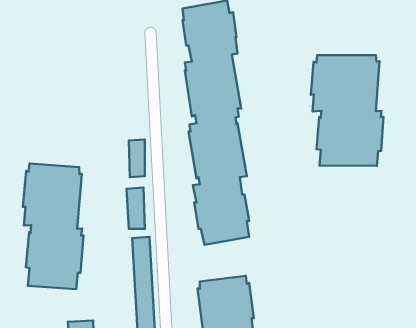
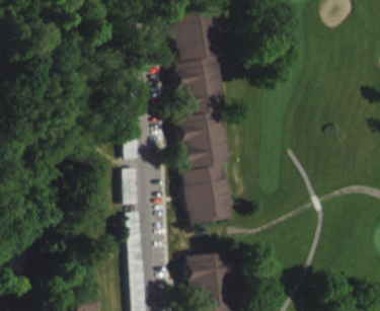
building: [311,55,384,166] -> none
building: [23,164,84,289] -> none

